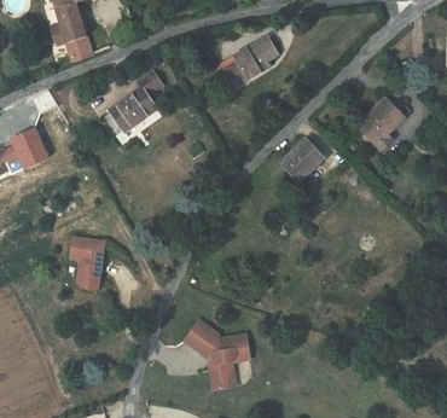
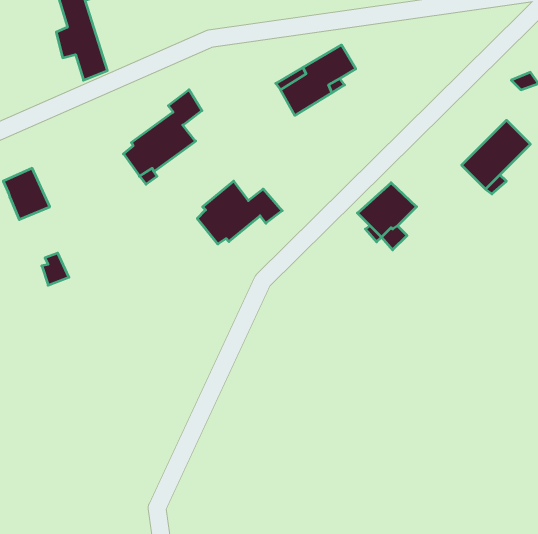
building: none -> [197,181,282,244]
building: [70,238,105,290] -> none
building: [182,319,246,388] -> none

